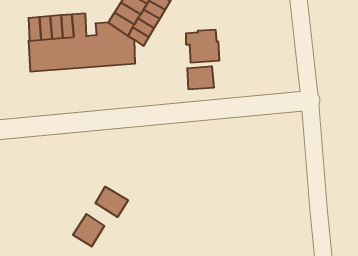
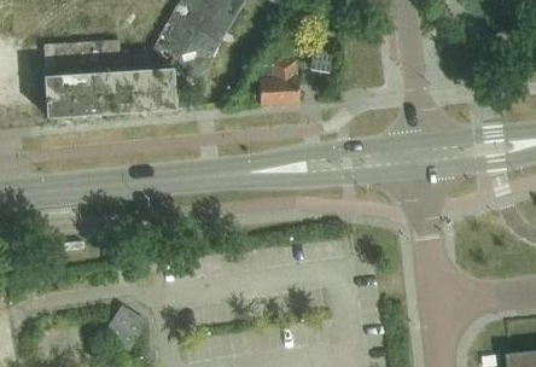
building: [187,66,214,89] -> none
building: [95,187,128,217] -> none

